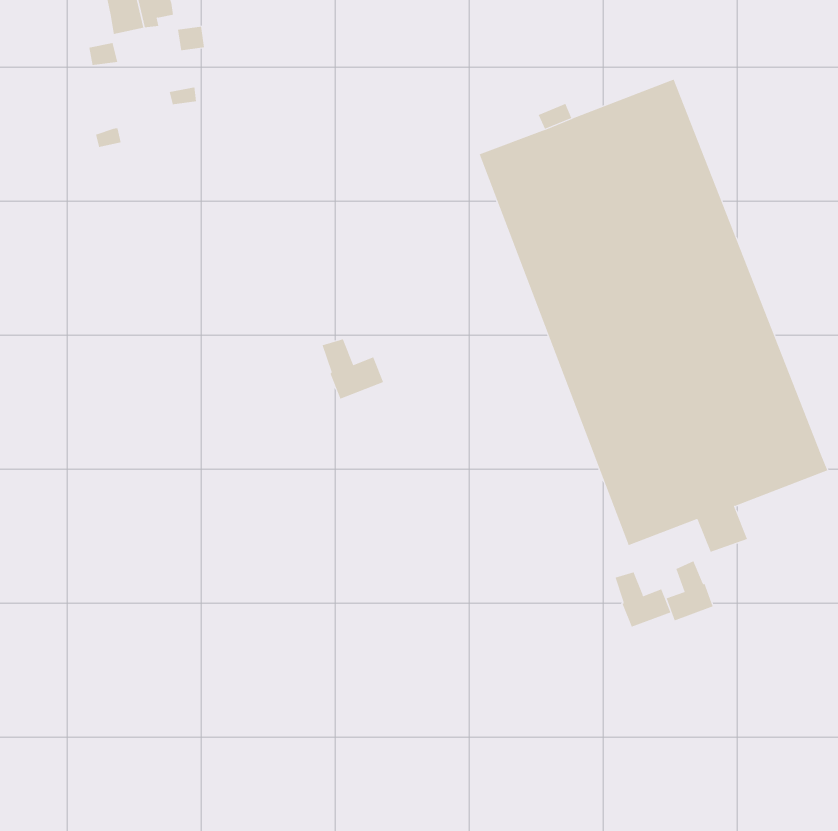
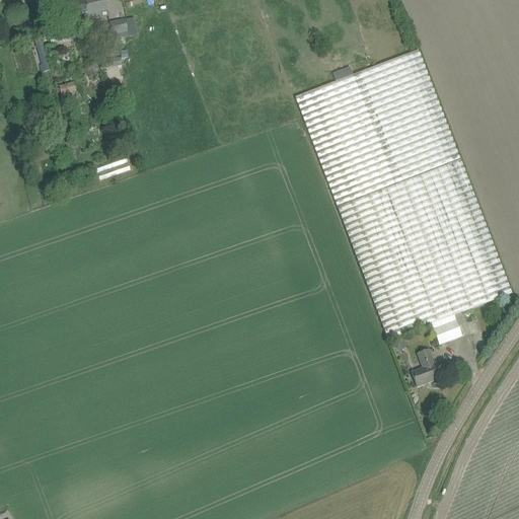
building: [322,338,384,399] -> none
building: [615,571,671,628] -> none

